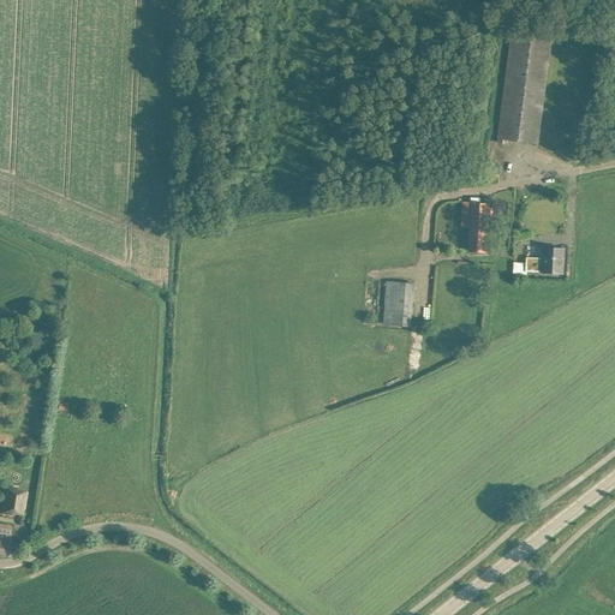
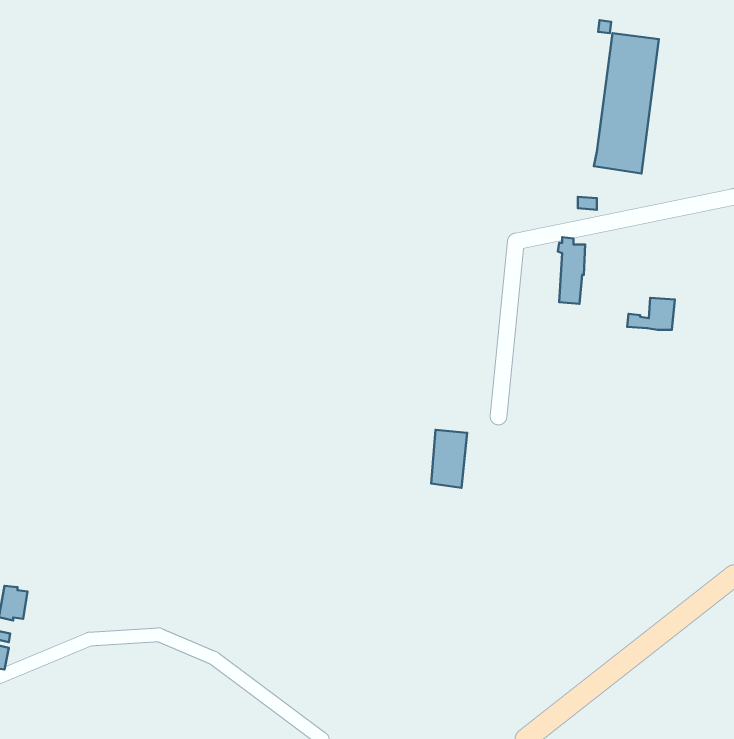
building: [380,281,410,329] -> [431,430,467,488]

